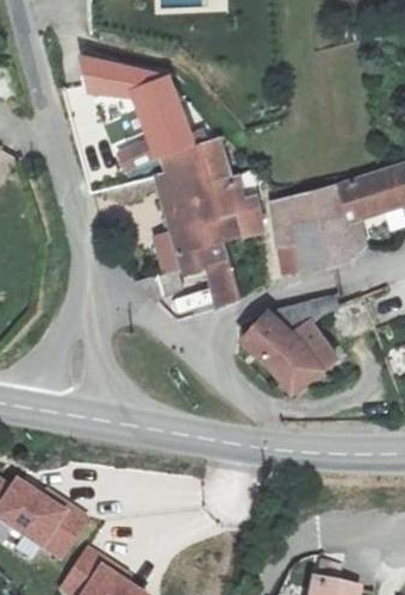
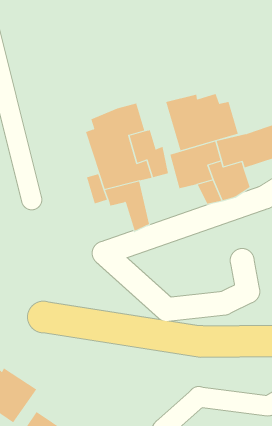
building: [80,56,194,173] -> none
building: none -> [165,93,238,151]
building: [242,310,337,392] -> none

